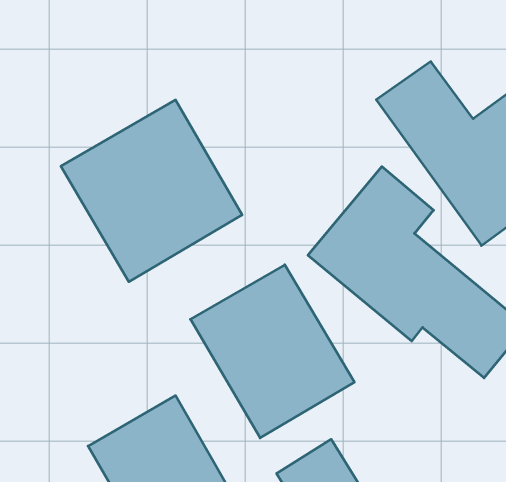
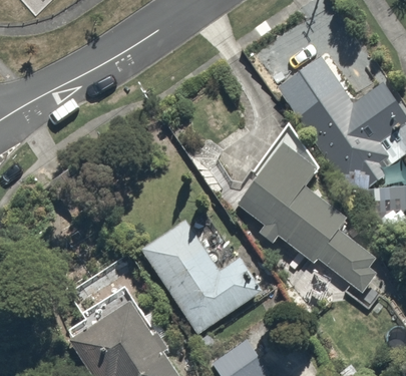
building: [61,100,242,282] -> none

